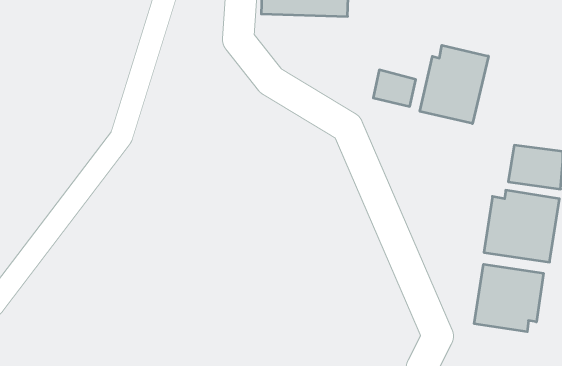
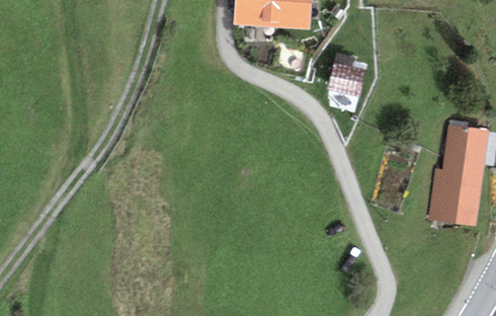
building: [420,45,488,124] -> none
building: [474,264,543,332] -> none

